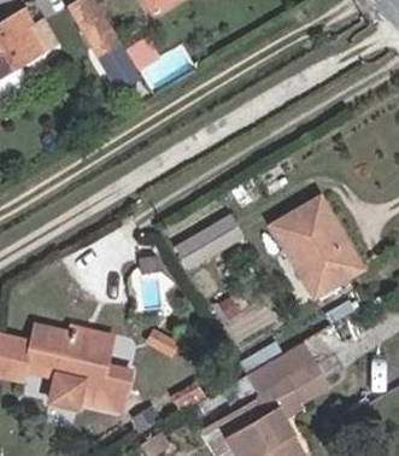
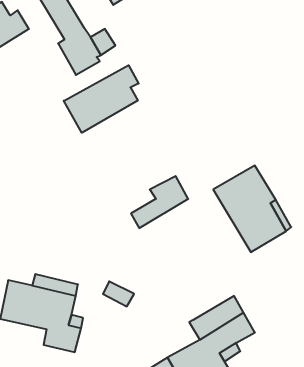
building: none -> [64,65,139,133]

